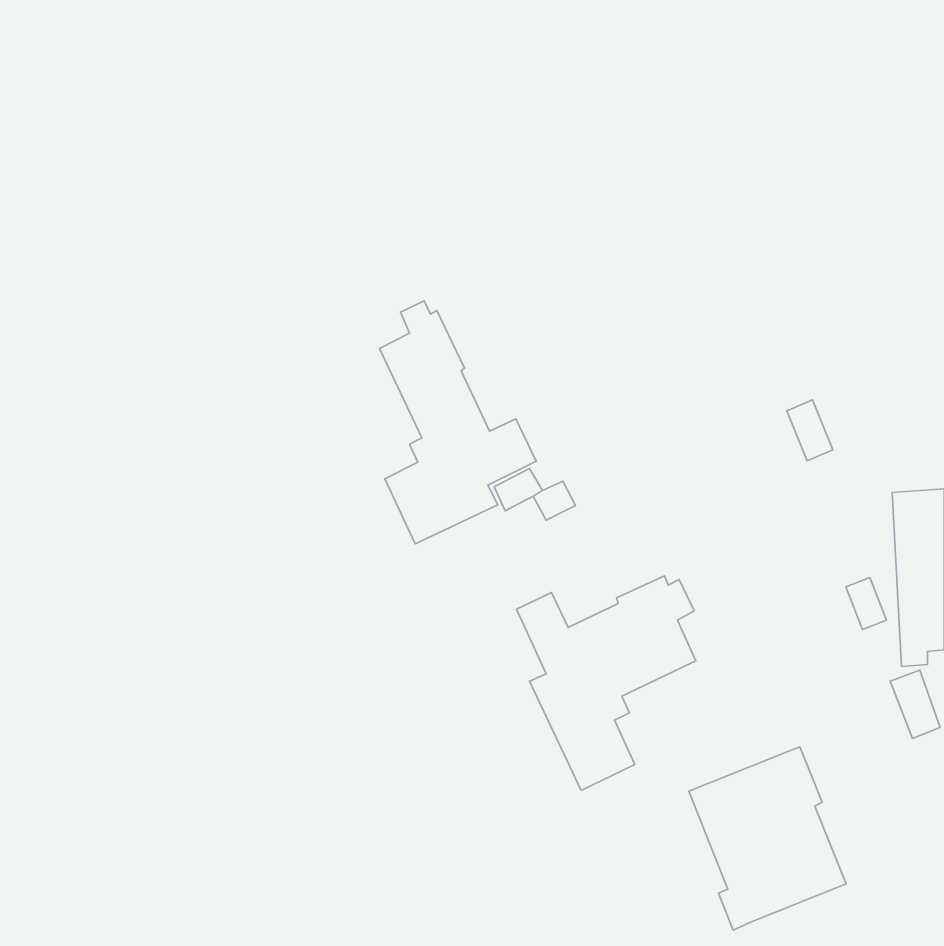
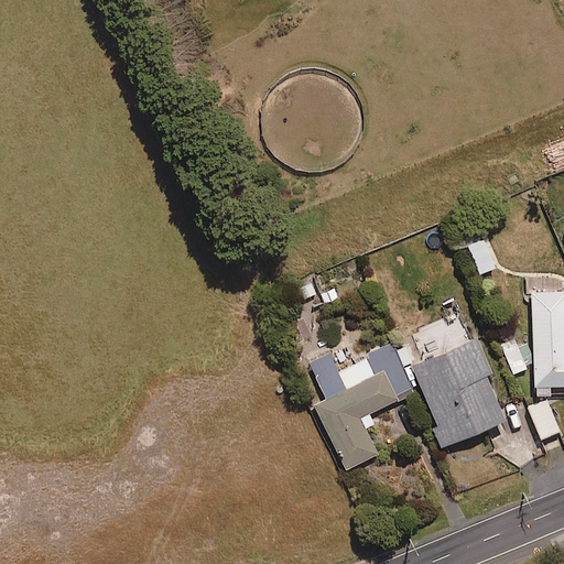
building: [379,301,536,544] -> none
building: [689,747,846,930] -> [413,340,507,449]

